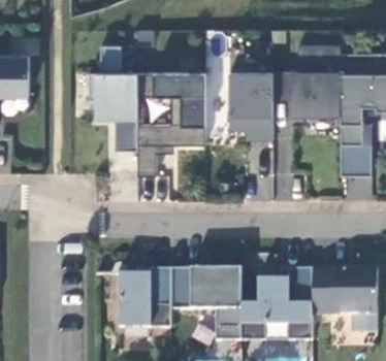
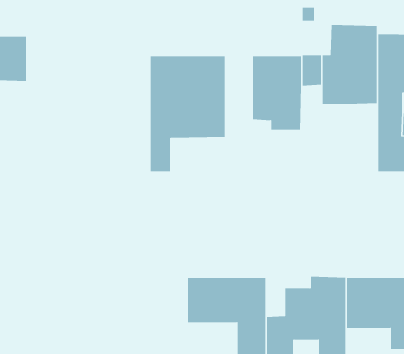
building: [88,44,137,150] -> none
building: [119,268,170,327] -> none

